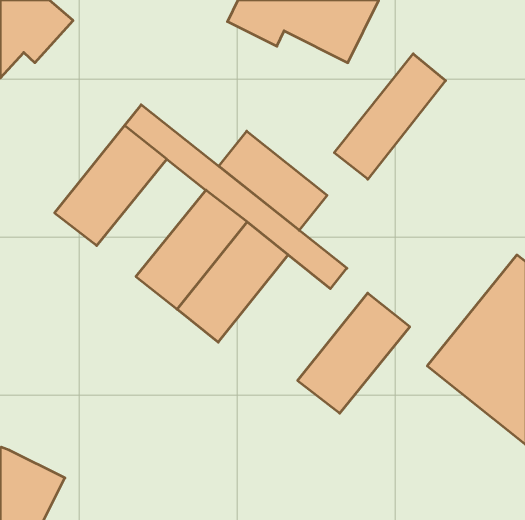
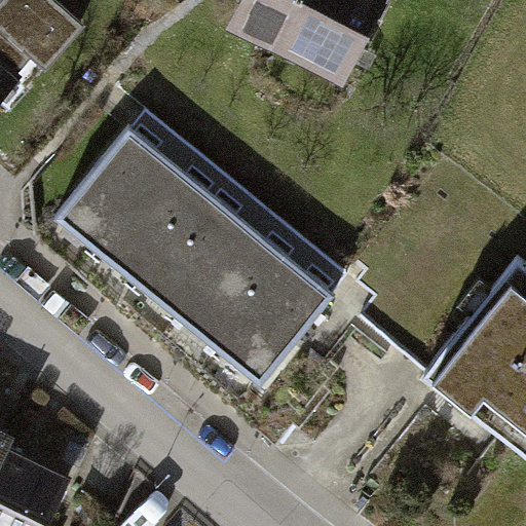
building: [334,54,446,179] -> none
building: [219,131,327,230] -> none
building: none -> [98,164,206,281]
building: [298,293,410,413] -> [219,260,331,380]

